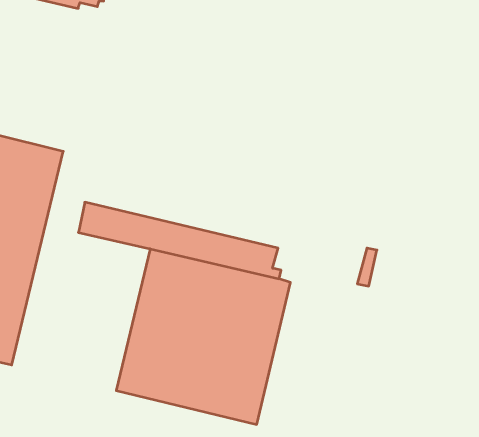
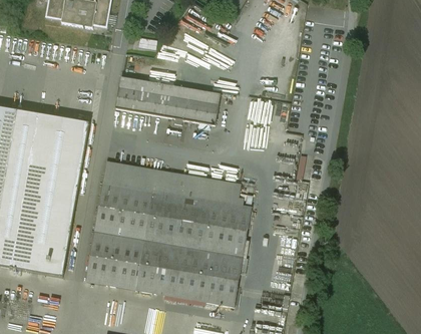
building: none -> [115,76,220,123]
building: none -> [85,182,152,289]

